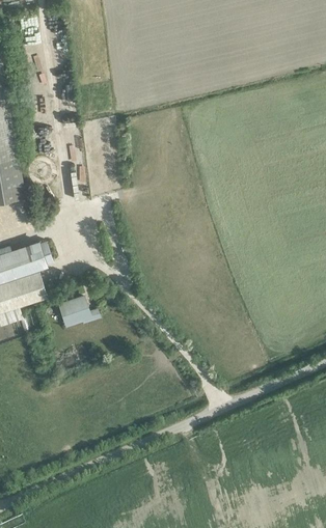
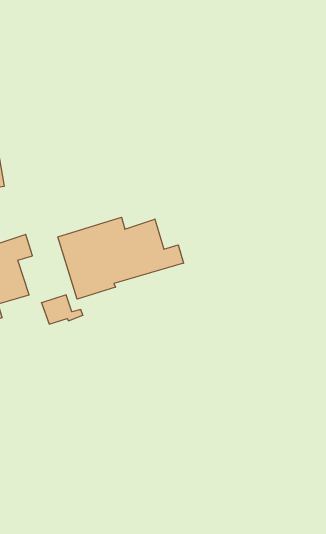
building: none -> [58,217,184,299]

